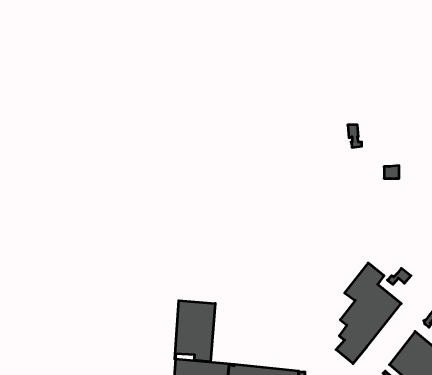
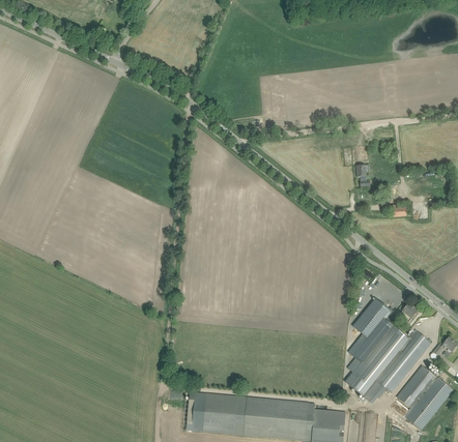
building: none -> [374,328,430,391]
building: [175,301,215,362] -> none

